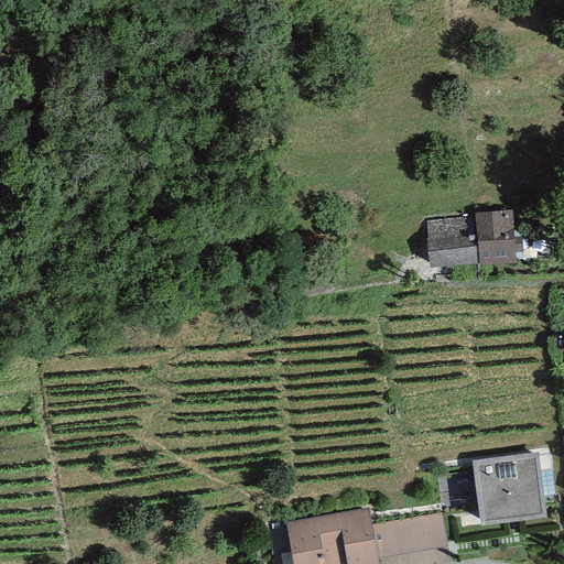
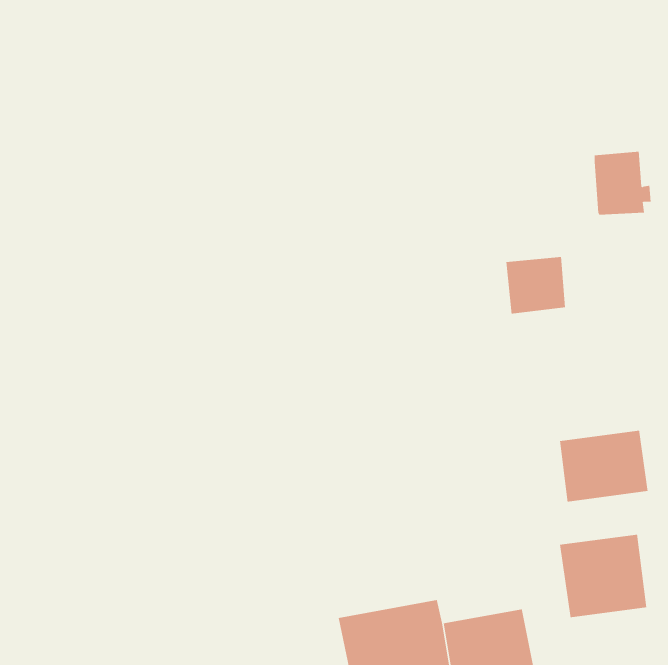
building: [473,210,521,264] -> [594,151,651,215]
building: none -> [559,430,648,502]

